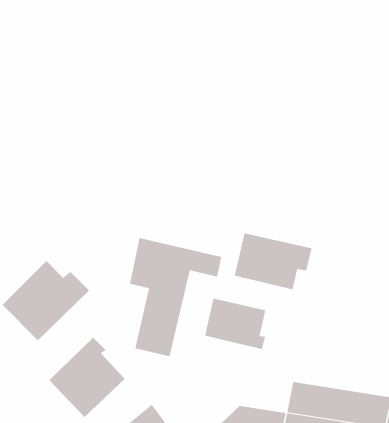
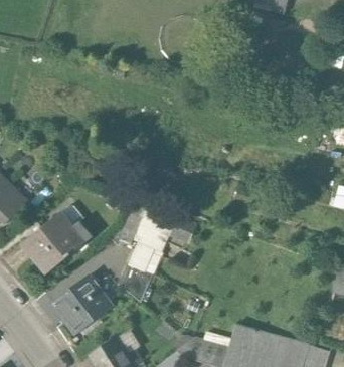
building: [234,232,312,290] -> none
building: [204,298,266,350] -> none

